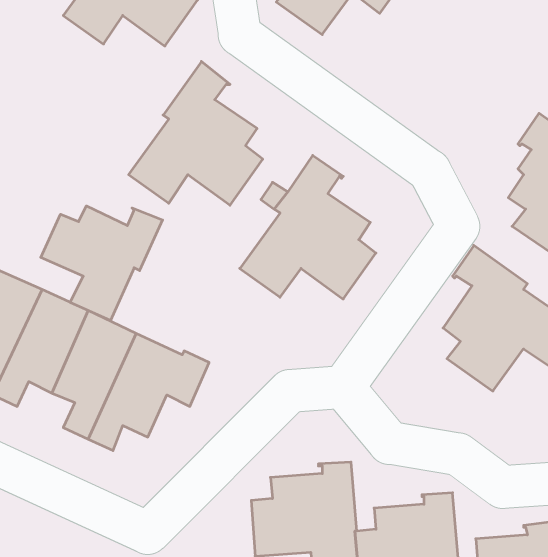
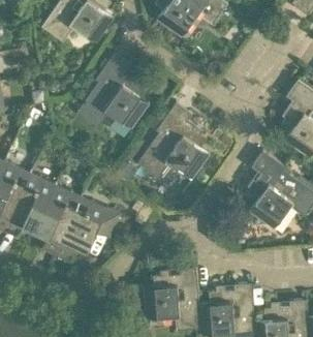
building: [41,206,163,321] -> none

